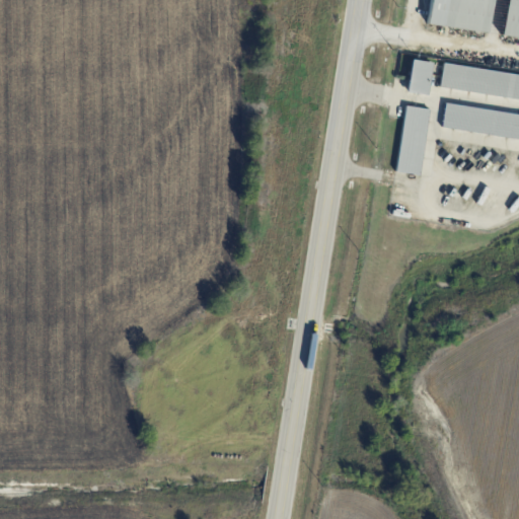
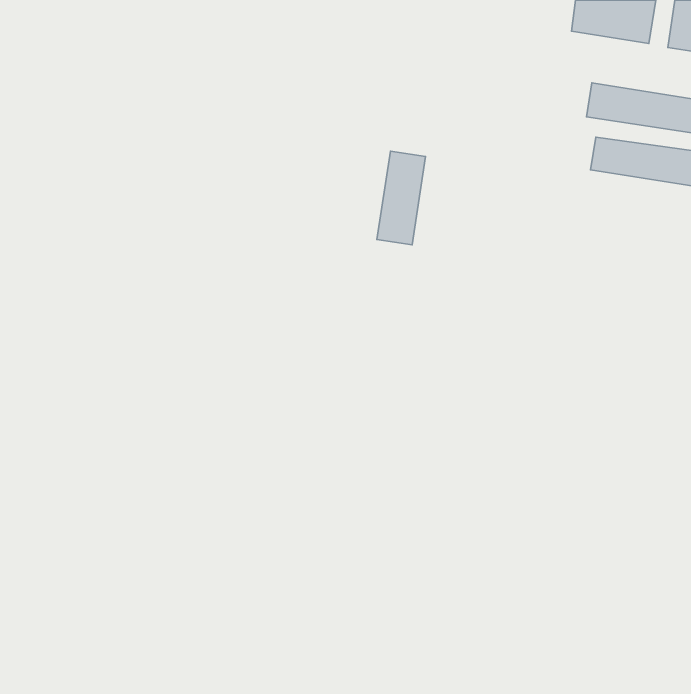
building: [407,59,437,95] -> none
building: [396,105,433,175] -> [377,151,426,245]

